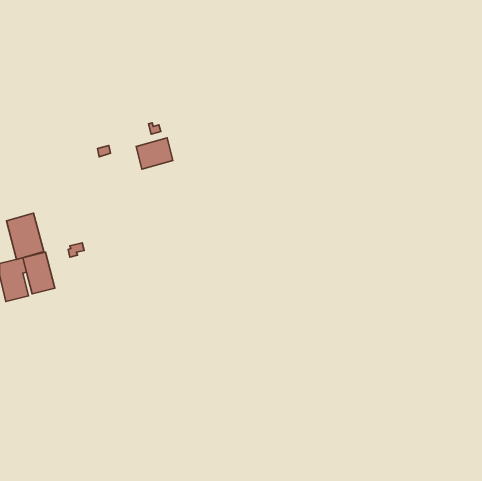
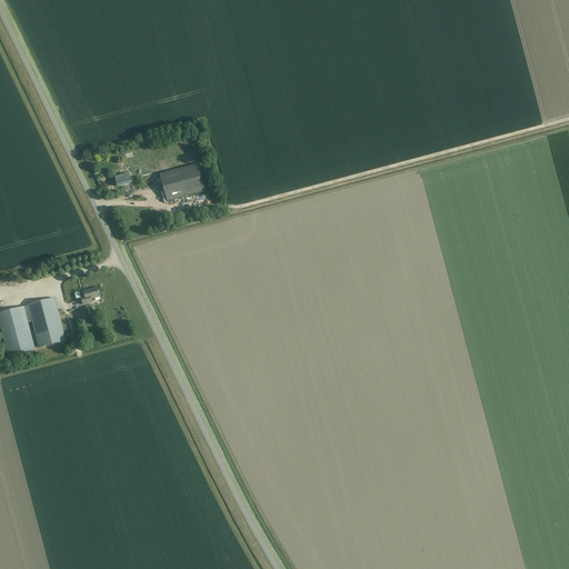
building: [6,213,44,259] -> none

